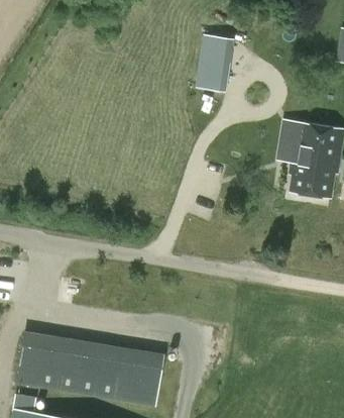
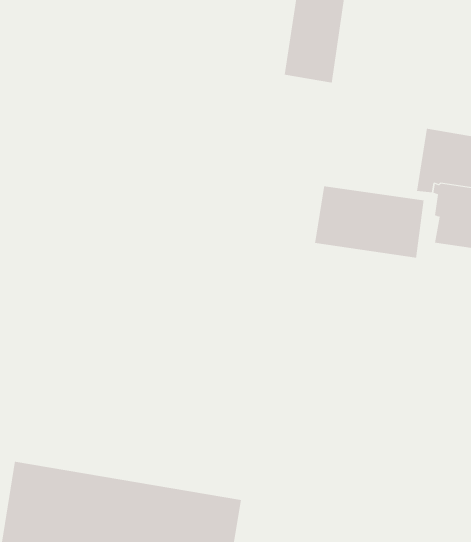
building: none -> [315,186,424,259]

